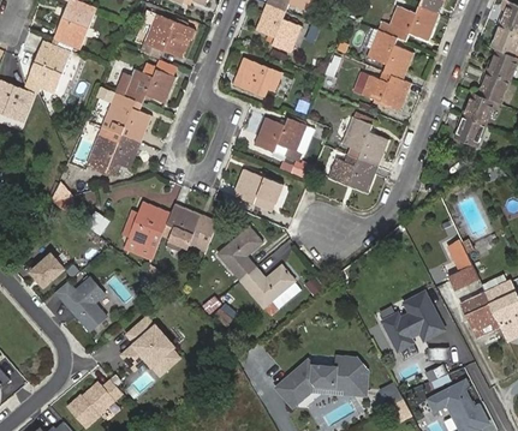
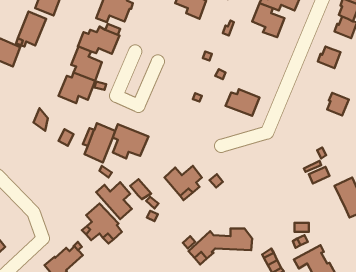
building: [233,58,281,97] -> none
building: [352,71,411,109] -> none
building: [478,71,510,103] -> none
building: [454,114,486,146] -> [327,93,349,115]
building: [341,116,388,166] -> none
building: [255,118,306,161] -> none
building: [233,168,282,204] -> none
building: [218,226,263,281] -> none
building: [29,250,66,286] -> none
building: [55,277,107,330] -> [96,182,132,219]
building: [382,292,445,348] -> none
building: [462,293,501,337] -> none

